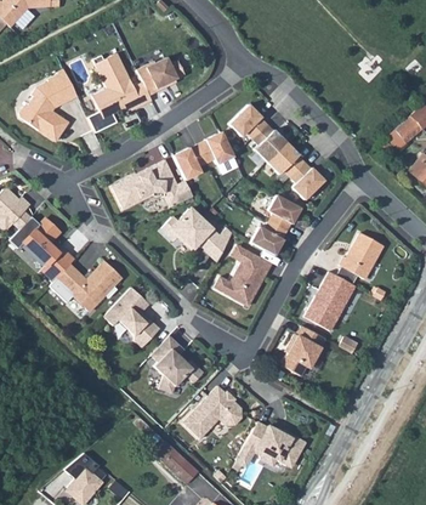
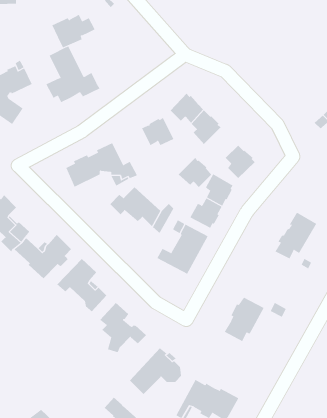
building: [136,56,184,93] -> [52,14,96,48]
building: [266,142,303,176] -> [178,157,212,188]
building: [174,143,206,180] -> none
building: [312,274,363,334] -> none

